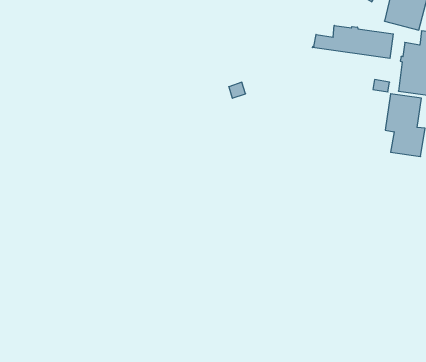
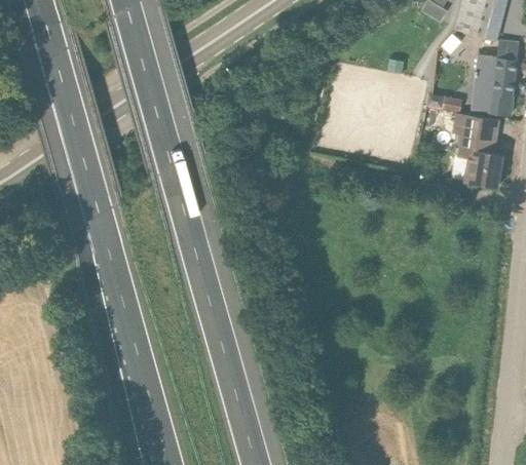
building: [312,25,393,58] -> none

